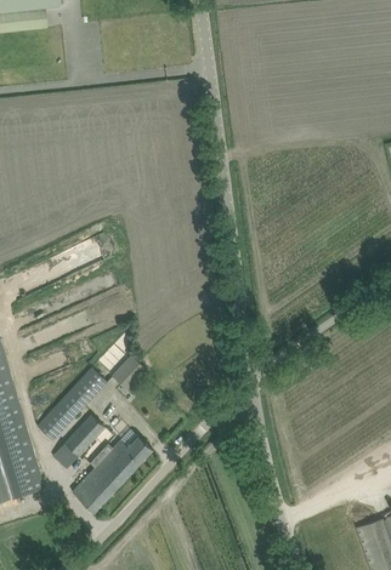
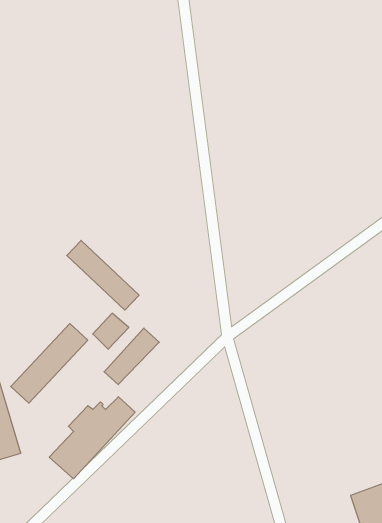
building: none -> [67,240,139,310]
building: [52,414,104,467] -> [104,328,159,385]

